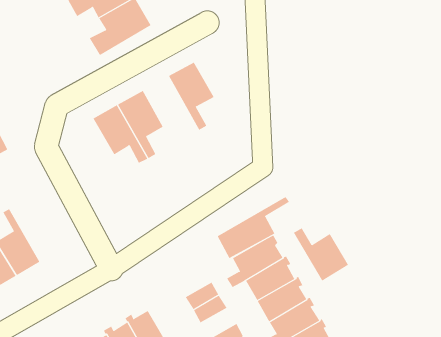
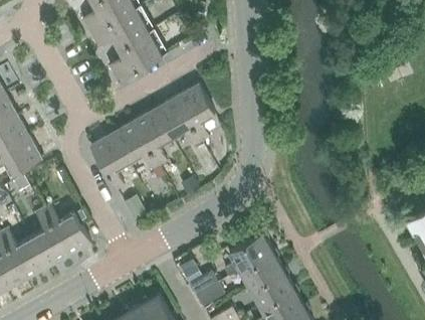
building: none -> [155,97,202,147]
building: none -> [89,133,130,191]
building: [217,196,290,259] -> none
building: none -> [41,203,89,255]
building: [293,228,349,281] -> none

